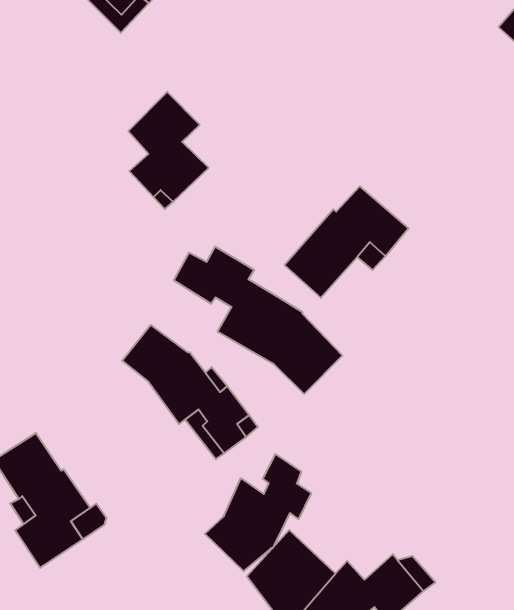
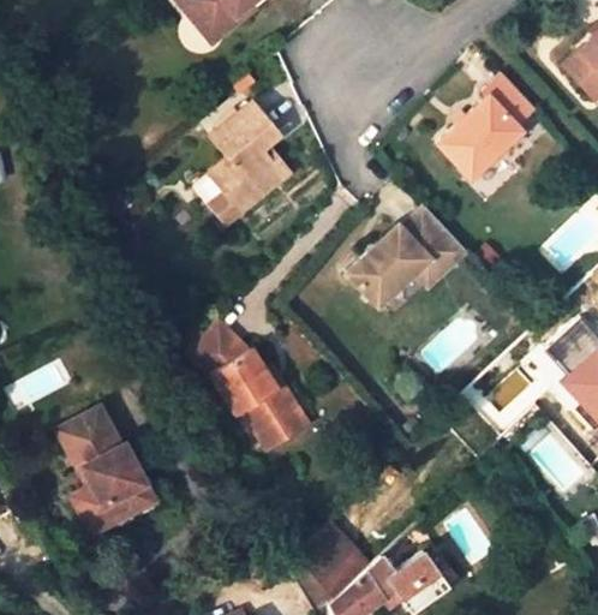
building: none -> [438,74,534,167]
building: [174,247,342,394] -> none
building: [205,454,311,571] -> none

